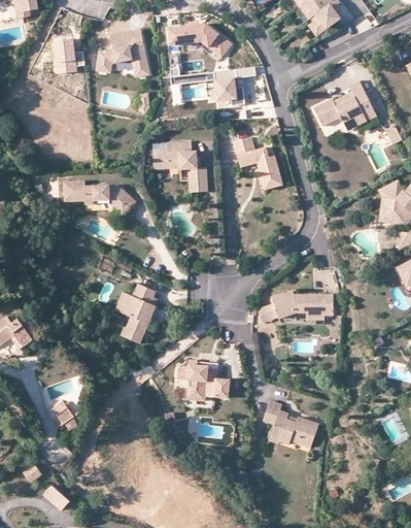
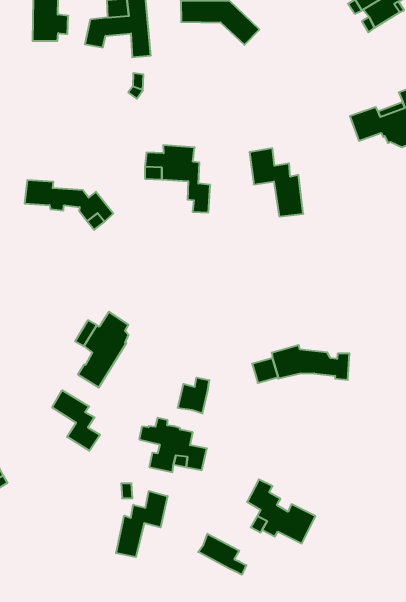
building: [212,68,254,106] -> none
building: none -> [178,378,209,414]
building: none -> [52,390,100,451]
building: none -> [116,491,168,557]
building: none -> [198,534,246,575]

